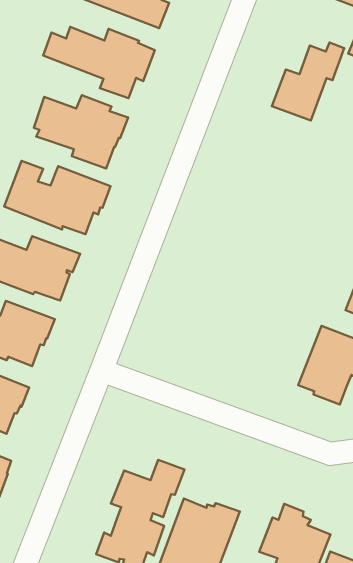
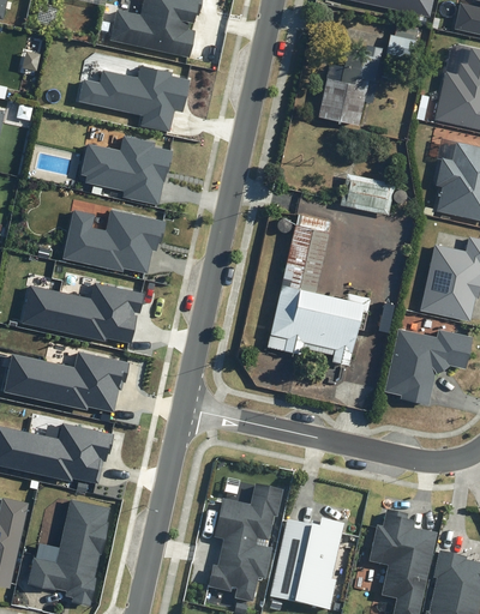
building: none -> [338,174,394,216]
building: none -> [265,215,368,366]

